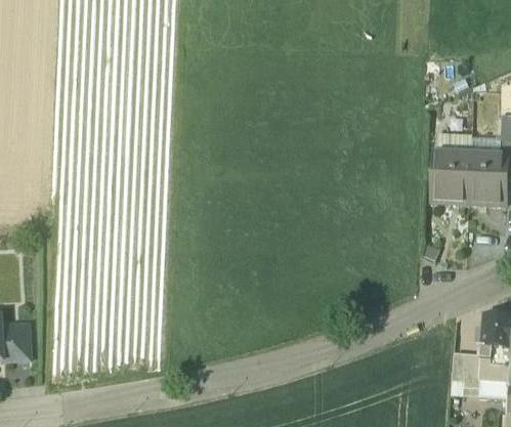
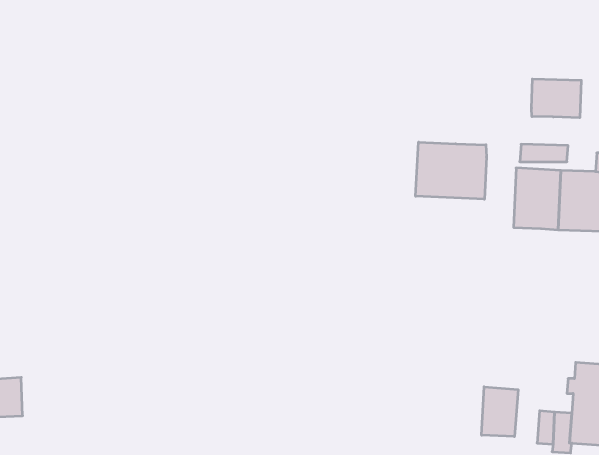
building: none -> [532,79,581,118]
building: none -> [416,142,486,199]
building: none -> [482,387,518,437]

